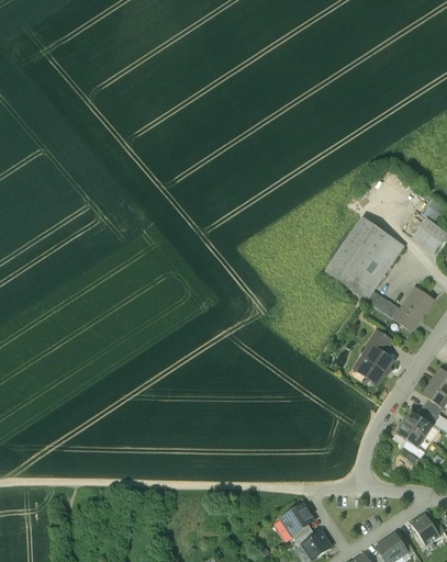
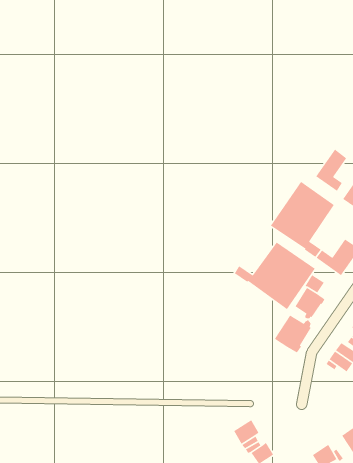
building: none -> [315,149,347,192]
building: none -> [234,241,316,310]
building: none -> [274,315,312,354]

